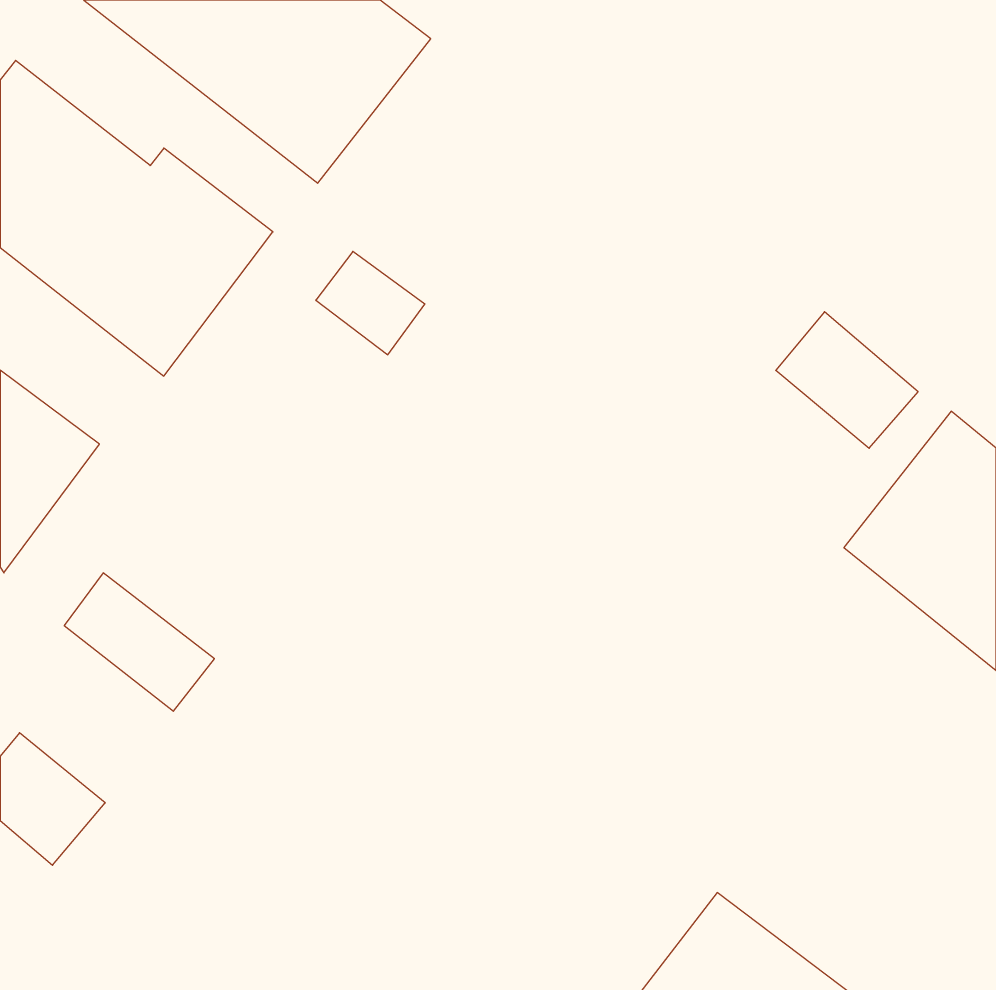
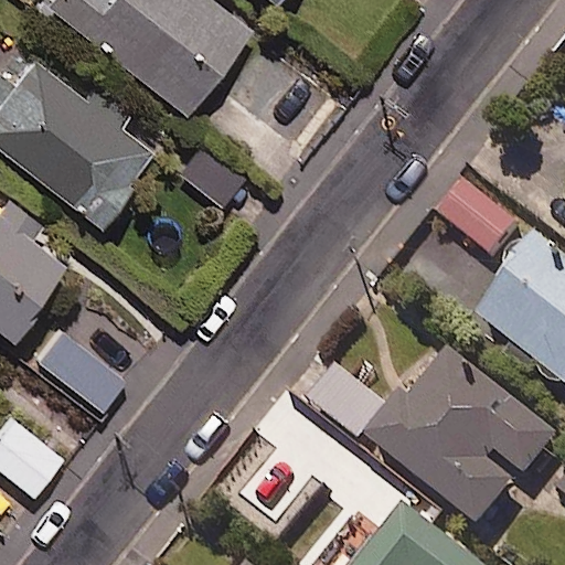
building: none -> [374,351,552,525]

